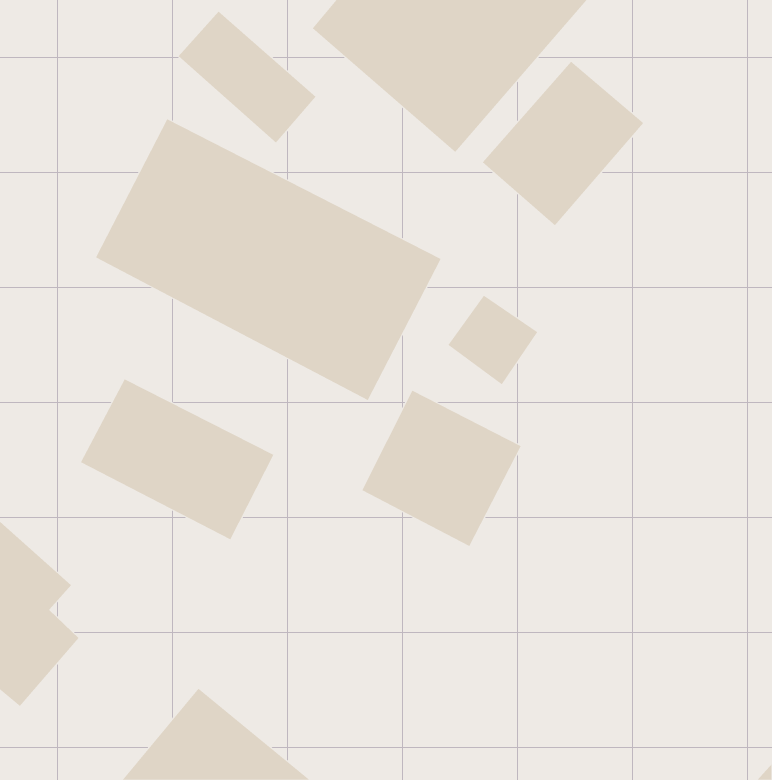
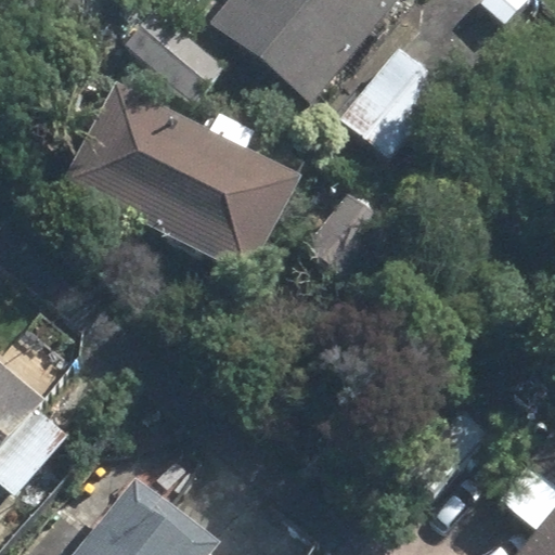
building: [80,378,274,540] -> none
building: [362,390,521,547] -> none

